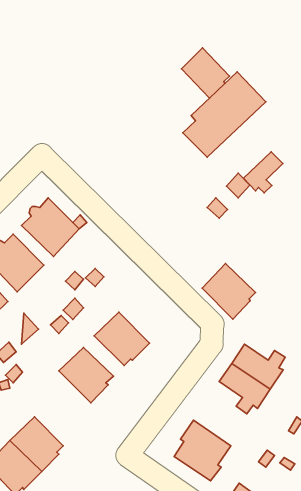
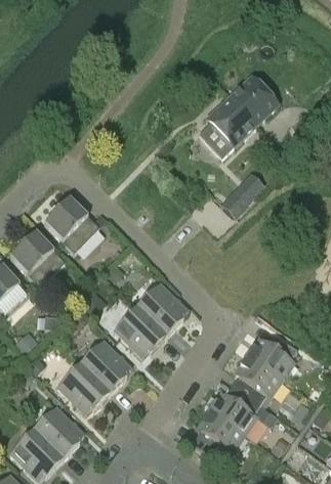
building: [181,48,230,98] -> none
building: [243,152,283,193] -> none
building: [202,264,255,319] -> [136,282,188,336]
building: none -> [56,362,110,414]
building: none -> [208,391,270,434]

